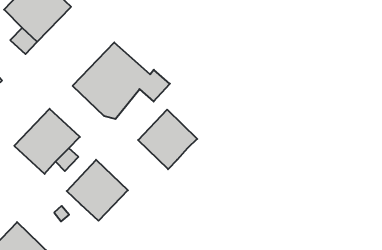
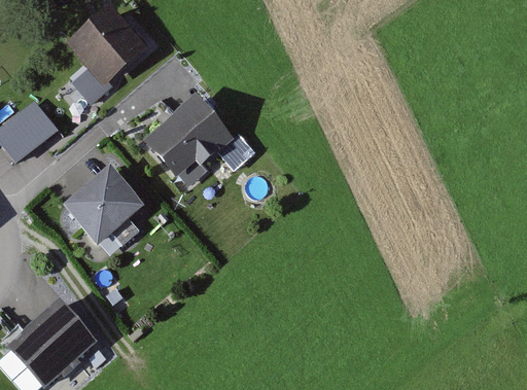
building: [138,110,197,169] -> none
building: [67,160,128,221] -> none

